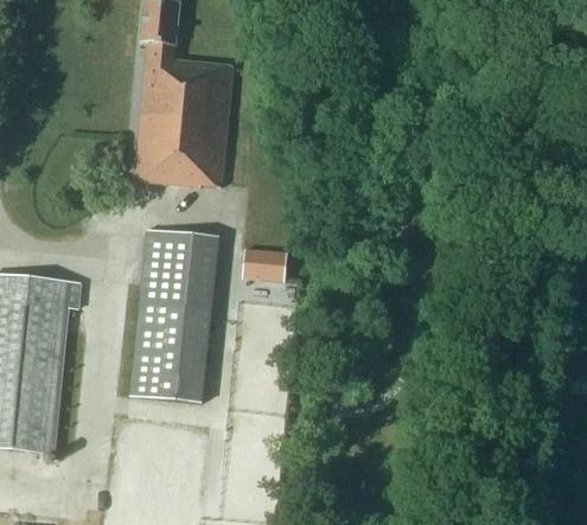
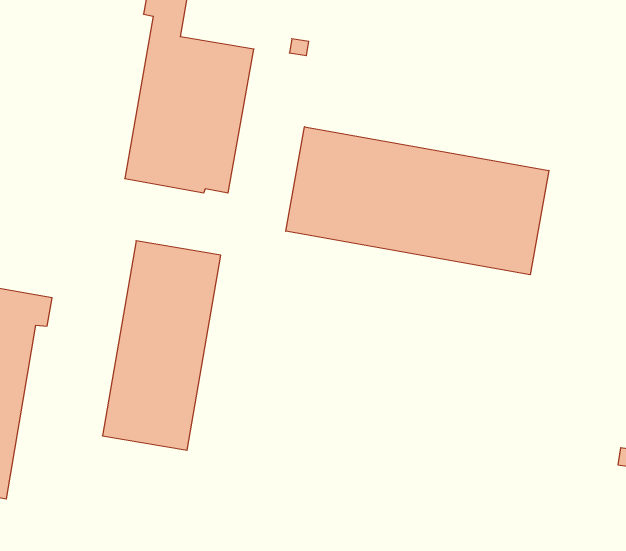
building: none -> [286,127,549,275]
building: [242,248,286,278] -> none

